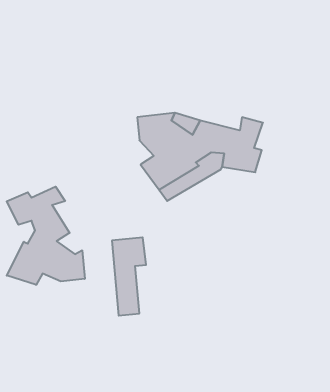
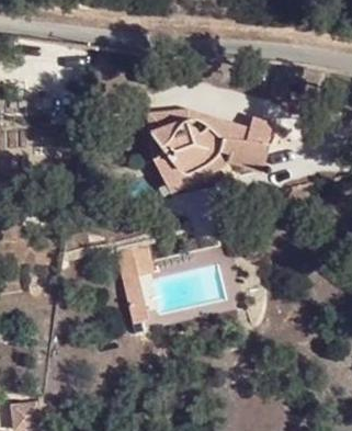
building: [7,187,85,285] -> none

